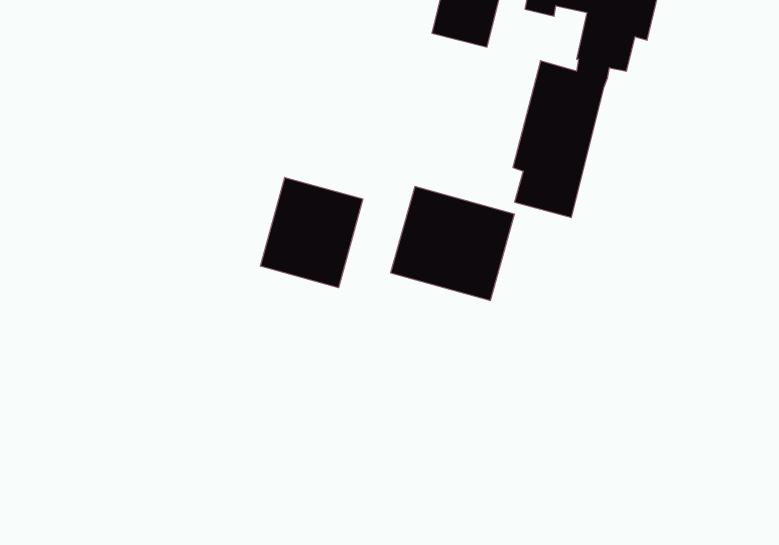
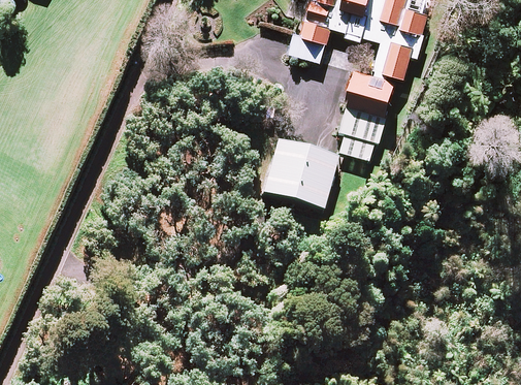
building: [261,177,363,288] -> none

